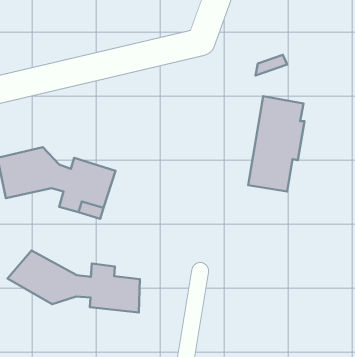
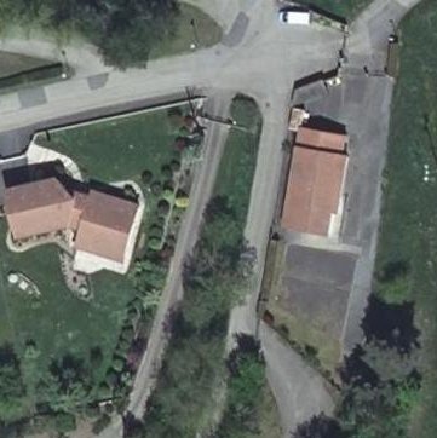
building: [7,250,140,313] -> none

